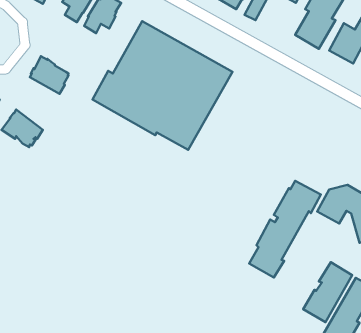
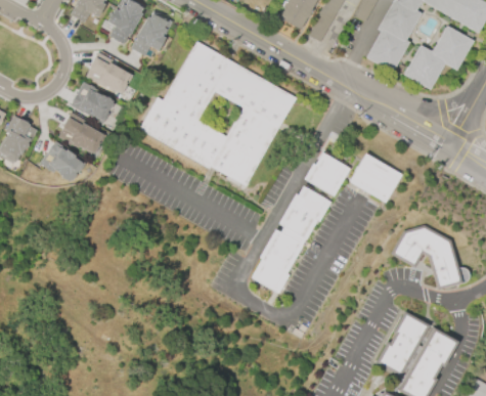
building: none -> [86,51,135,94]
building: none -> [59,112,106,152]
building: none -> [304,151,351,196]
building: none -> [350,152,403,203]
building: [249,181,321,277] -> [252,185,332,293]

